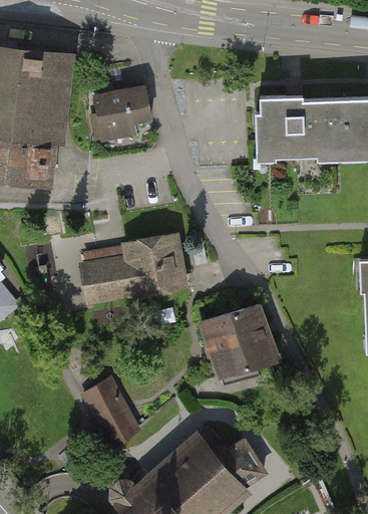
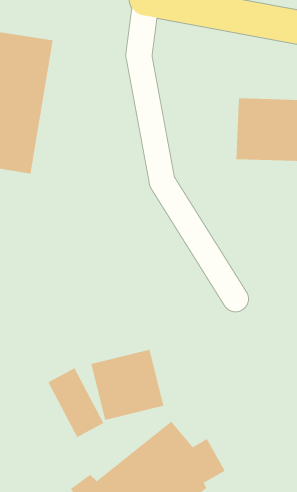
building: [92,87,151,144] -> none
building: [82,236,188,302] -> none
building: [205,304,280,377] -> [90,349,164,420]

